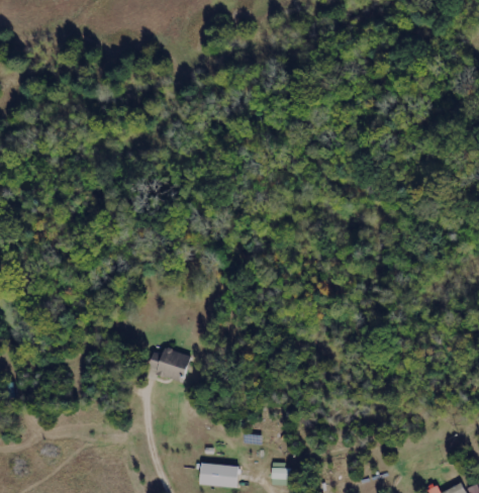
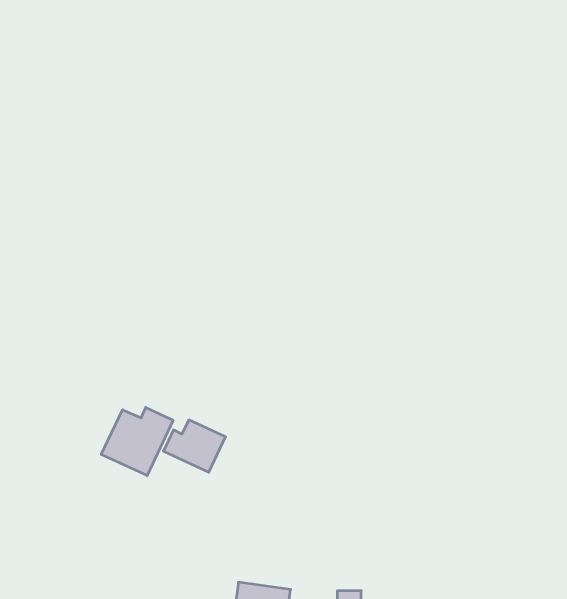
building: none -> [101,407,173,476]

